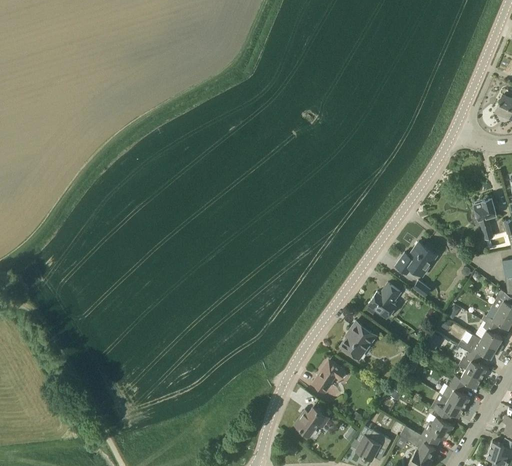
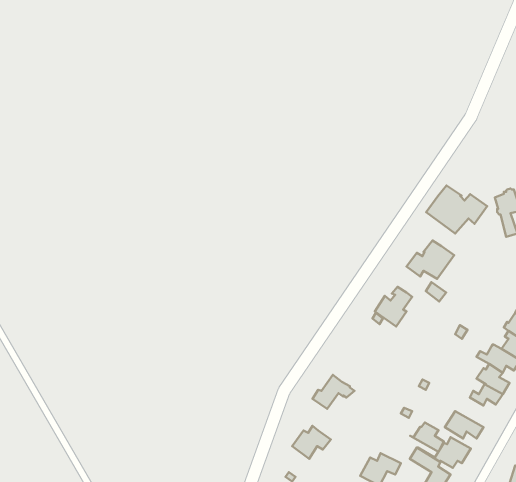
building: none -> [426,186,487,233]
building: [340,322,377,360] -> none
building: [439,382,469,408] -> [410,422,444,452]

